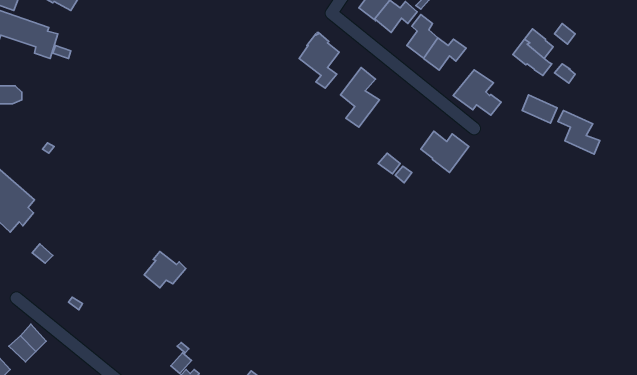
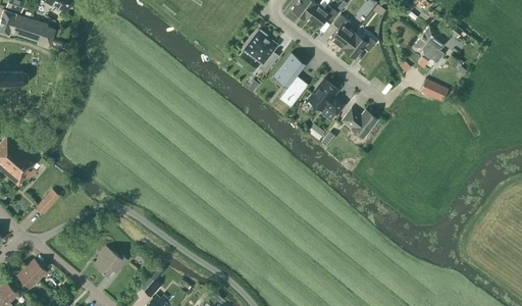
building: [453,70,501,115] -> [307,80,345,115]
building: [558,111,600,154] -> none
building: [144,252,186,288] -> [94,247,126,275]

